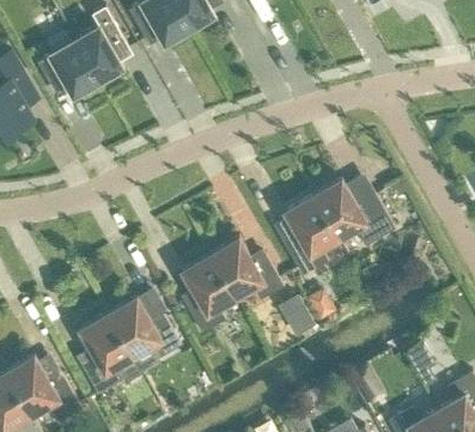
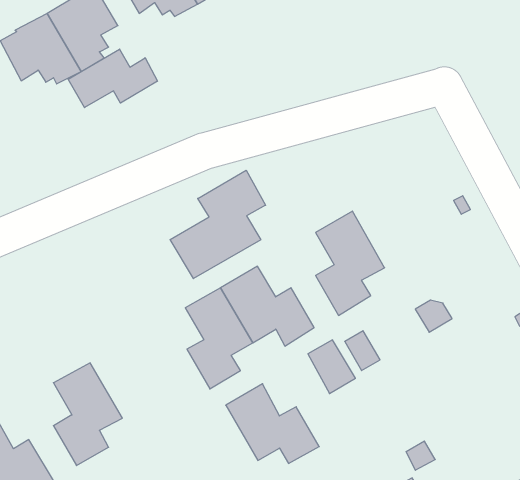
building: none -> [68,49,157,108]
building: none -> [170,170,266,279]
building: [313,180,396,247] -> none
building: [109,297,182,359] -> [226,384,319,463]

